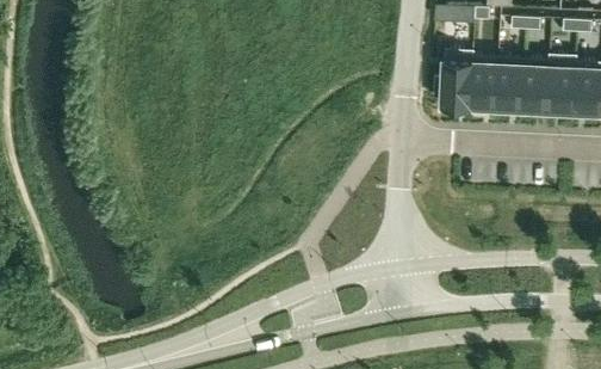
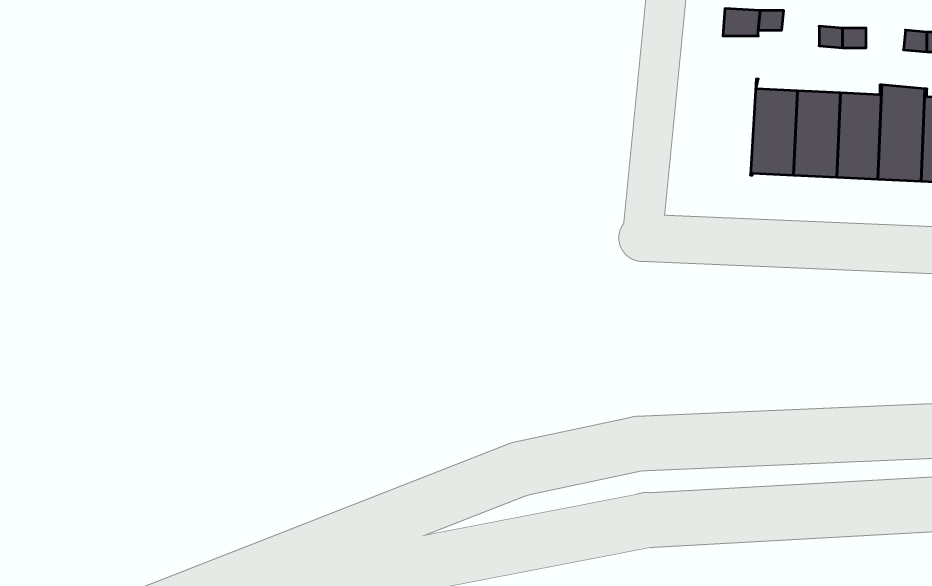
building: [434,49,473,109] -> none

